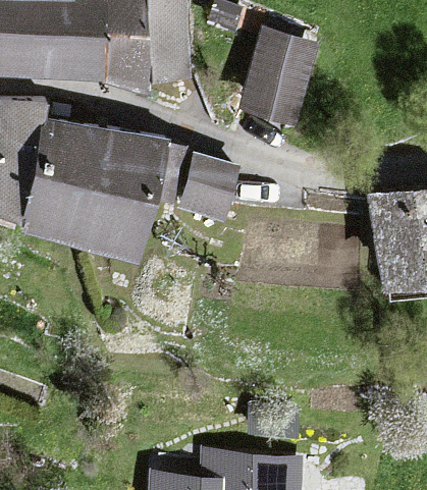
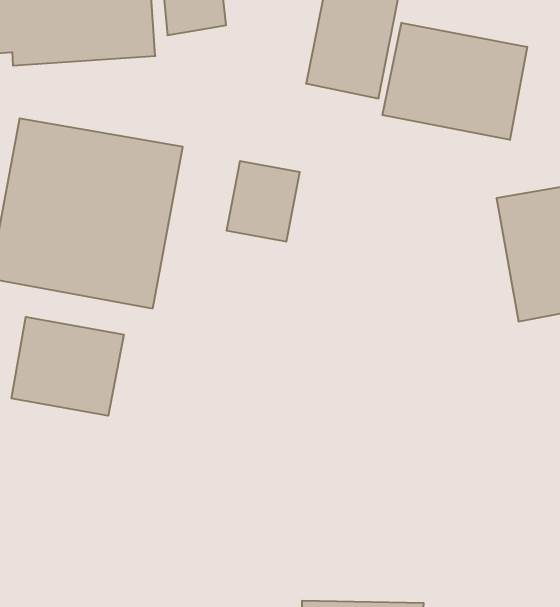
building: none -> [382,23,527,140]
building: none -> [12,317,124,416]

